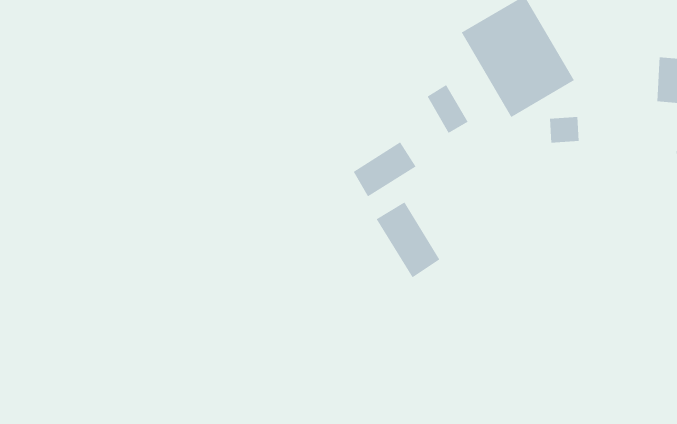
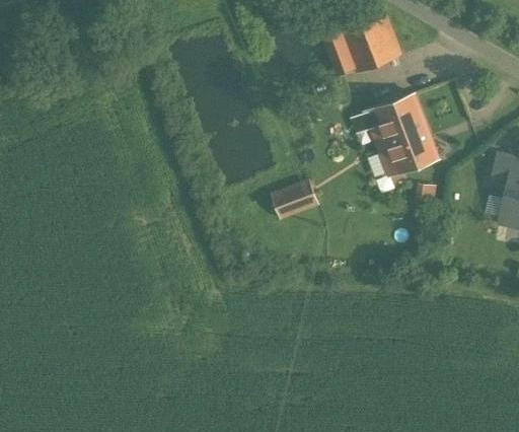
building: [427,84,469,134] -> none
building: [376,201,440,278] -> none

